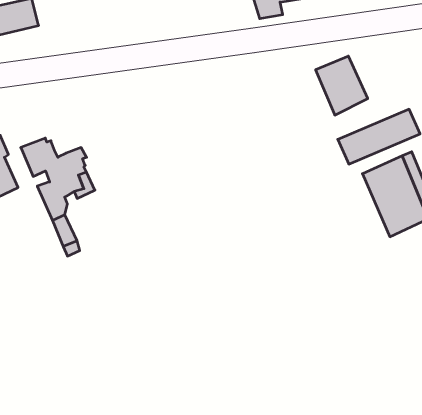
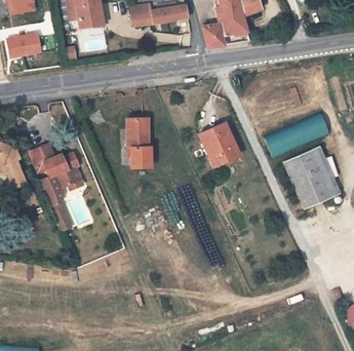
building: [316,56,368,115] -> [197,122,236,166]
building: none -> [123,119,148,167]

